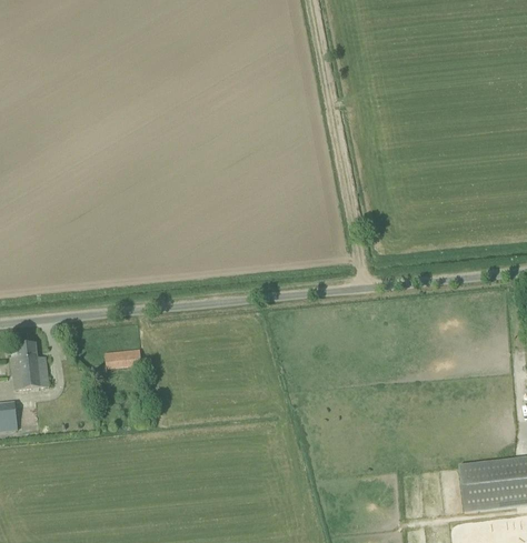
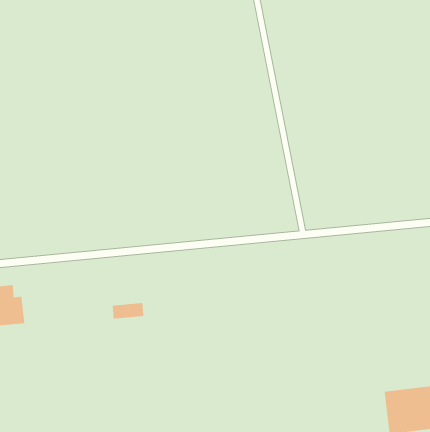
building: [105,350,141,369] -> [112,303,144,319]

